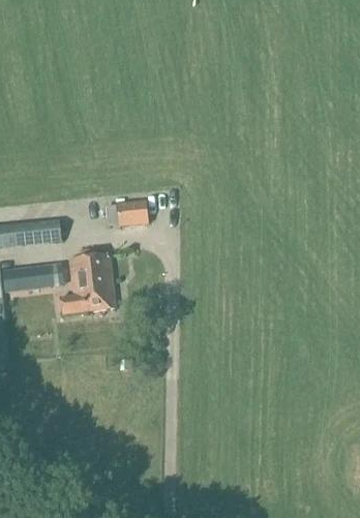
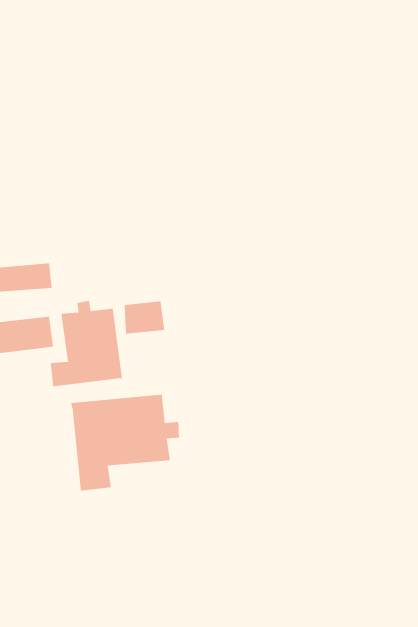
building: [116,199,148,224] -> [124,301,165,334]
building: none -> [71,394,179,491]

